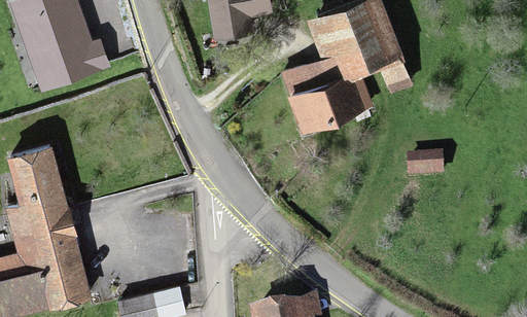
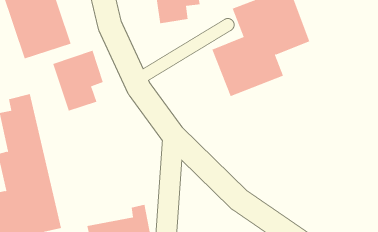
building: none -> [52,50,103,112]
building: [407,155,444,179] -> none

